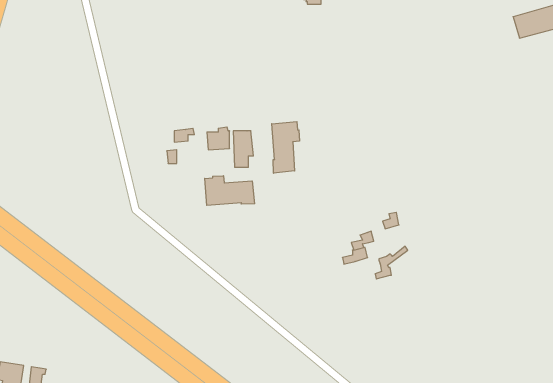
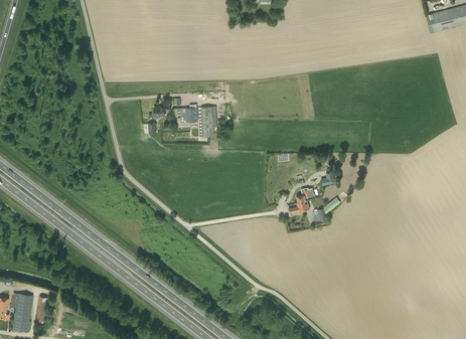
building: [272,122,299,173] -> none
building: [205,176,255,205] -> none

